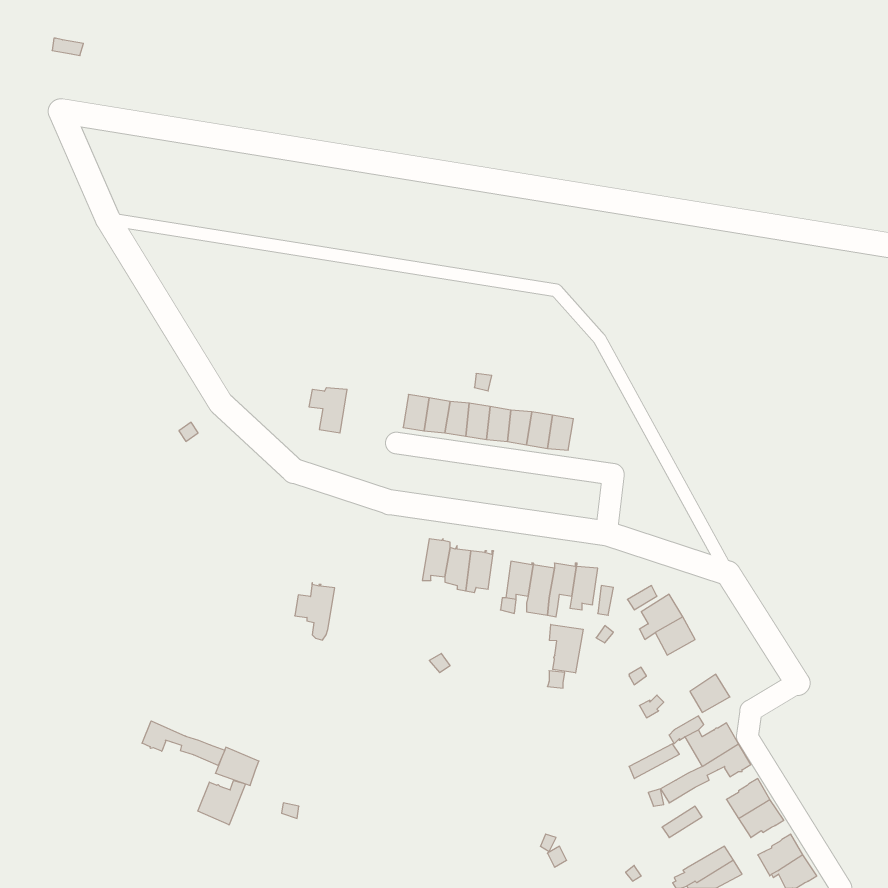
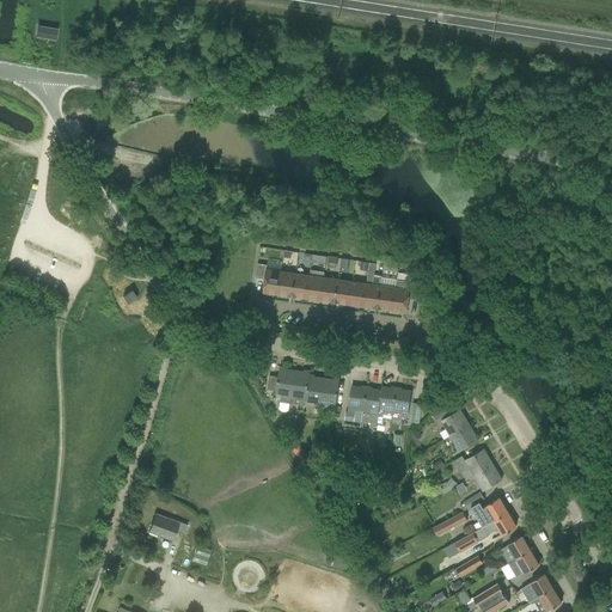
building: [309,388,347,433] -> [256,263,282,294]
building: none -> [391,282,420,312]
building: [295,583,335,640] -> [268,367,295,406]
building: [549,624,583,673] -> none
building: none -> [454,449,492,481]
building: [142,721,225,765] -> none
building: [198,781,246,825] -> none

